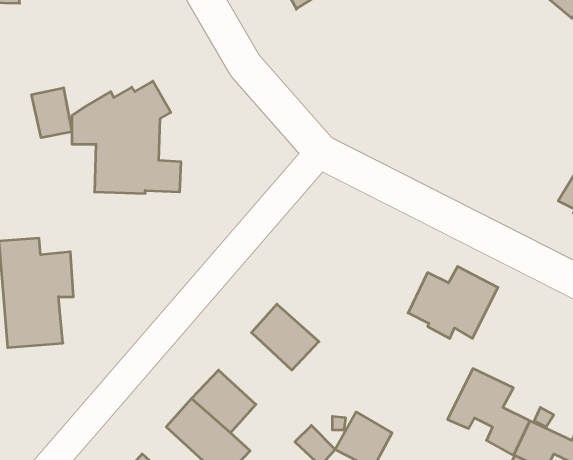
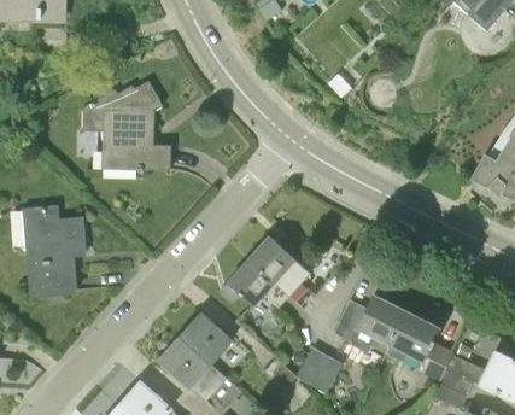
building: [32,88,72,138] -> none
building: [408,267,498,338] -> [334,296,406,353]
building: none -> [248,236,310,297]

